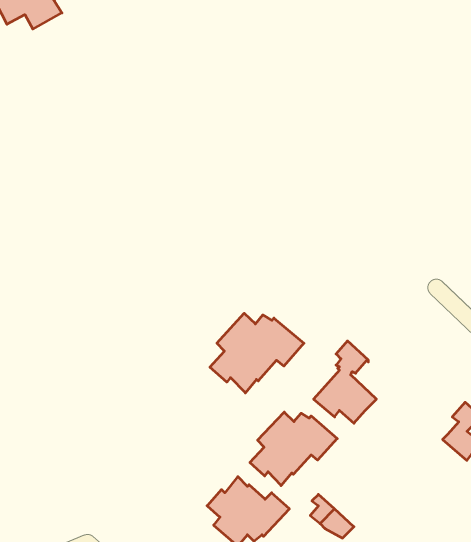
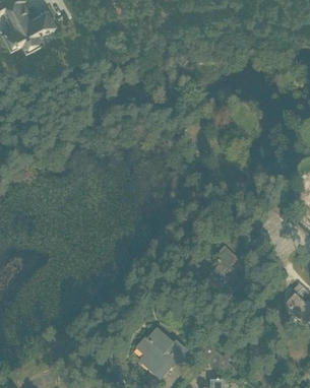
building: [210,313,304,393] -> none
building: [250,412,337,486] -> none

